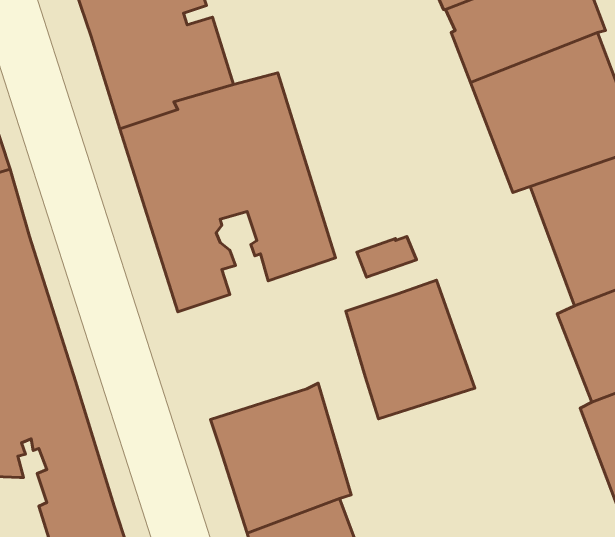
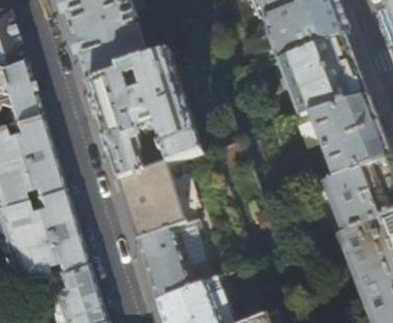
building: [346,280,475,419] -> [120,164,189,238]

